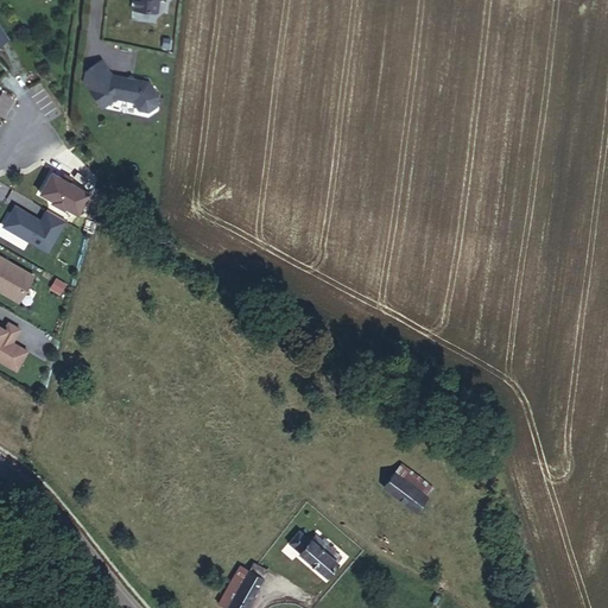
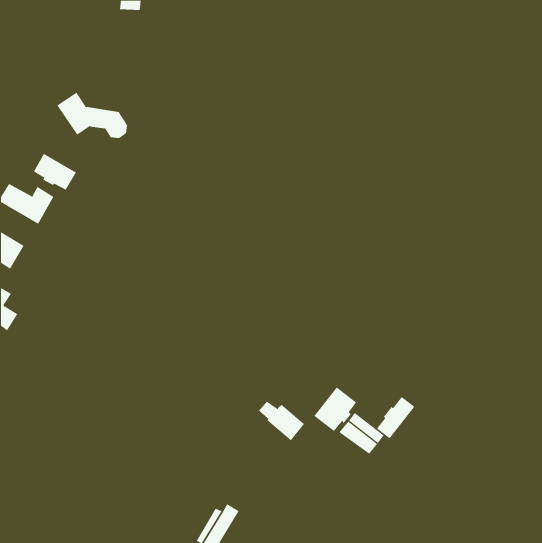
building: [81,62,160,114] -> [57,92,128,139]
building: none -> [313,387,357,432]
building: none -> [376,396,415,439]
building: [291,531,343,576] -> [258,401,305,441]

